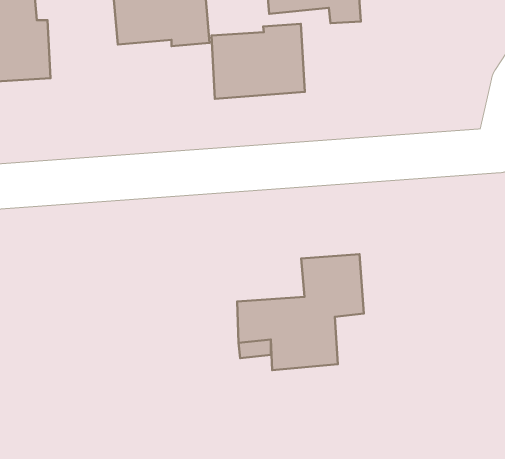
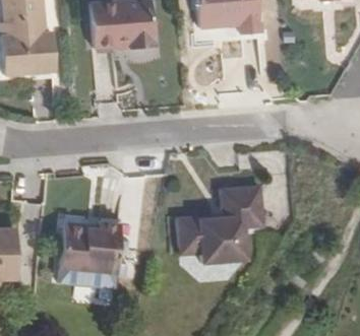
building: [211,24,305,99] -> none
building: none -> [57,221,118,287]

